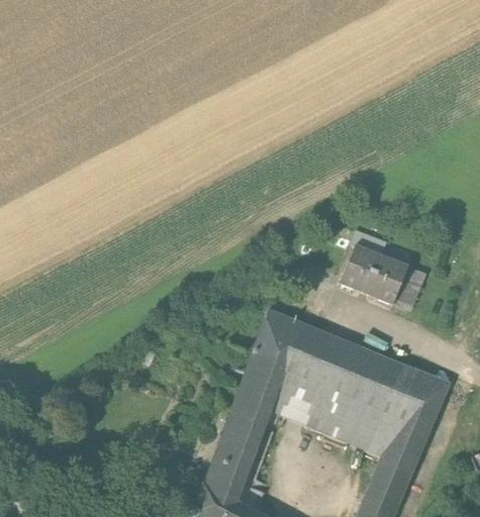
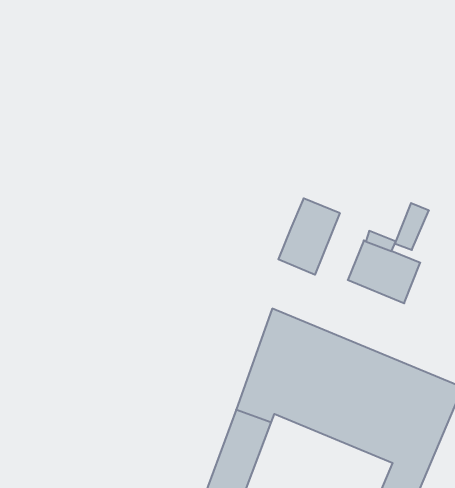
building: none -> [278,198,340,275]
building: [393,267,425,311] -> [395,203,429,250]

